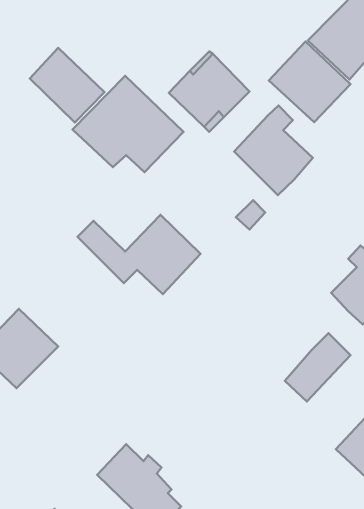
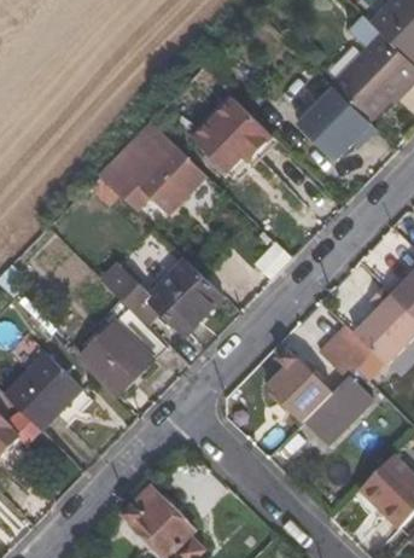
building: [30,48,104,123] -> none
building: [234,106,313,195] -> none
building: none -> [80,310,167,396]
building: none -> [320,329,369,379]
building: none -> [264,349,333,425]

